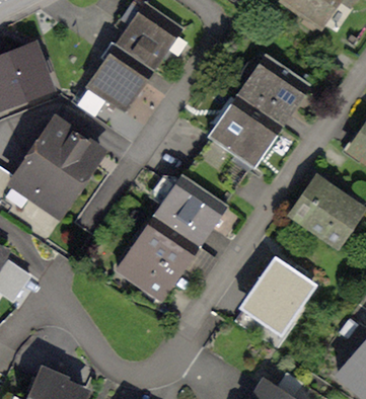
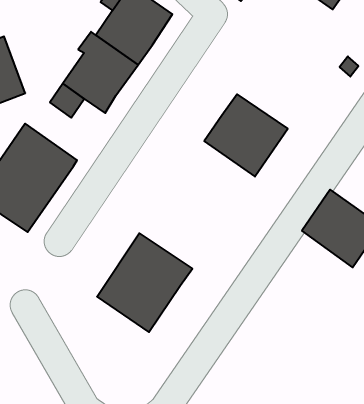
building: [237,53,309,124] -> none
building: [153,174,225,244] -> none
building: [240,255,315,332] -> none

